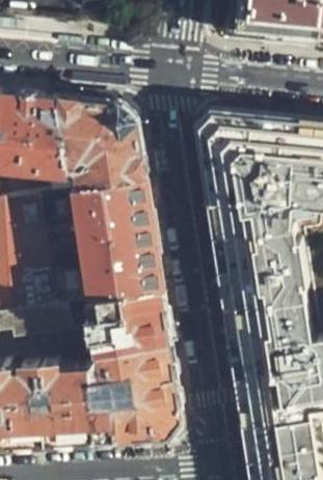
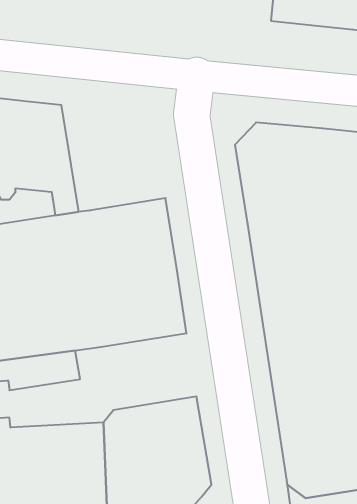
building: [59,100,146,188] -> none
building: [90,290,172,355] -> none

